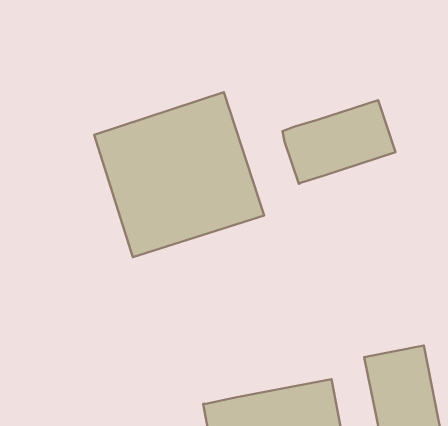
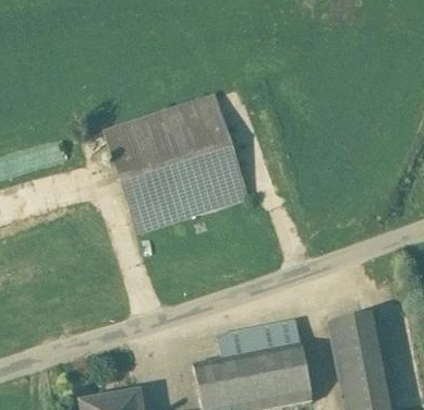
building: [282,100,395,184] -> none
building: none -> [219,317,302,355]

